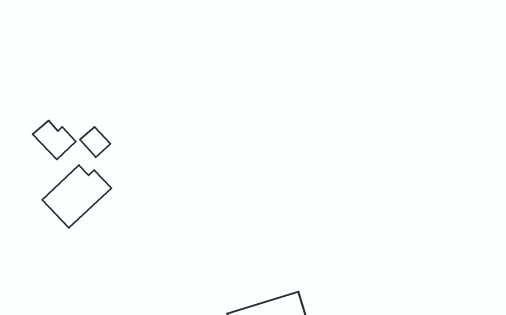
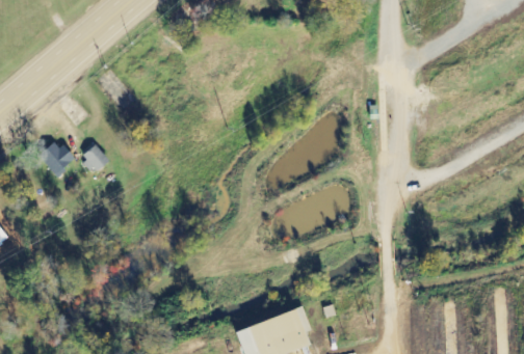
building: [42,165,111,228] -> none

